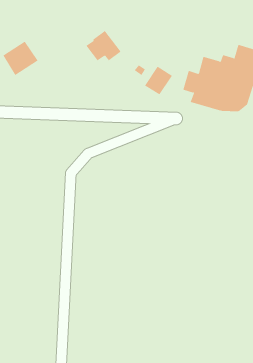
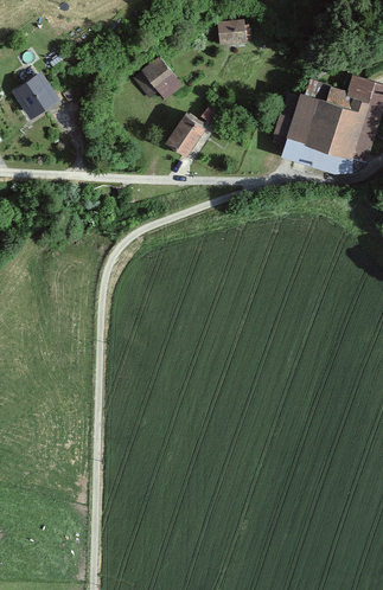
building: none -> [217,18,251,45]
building: [144,66,173,95] -> [166,114,208,156]

